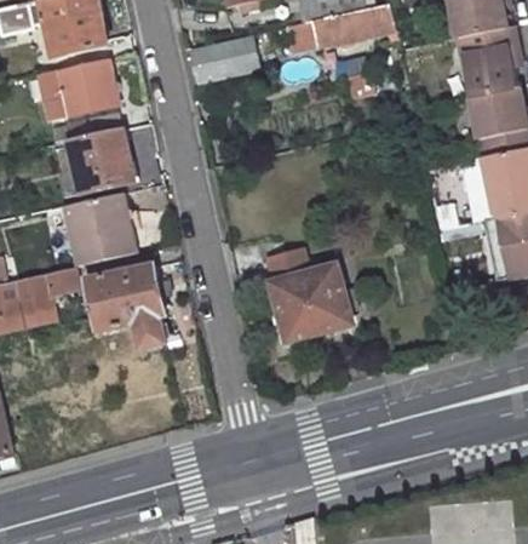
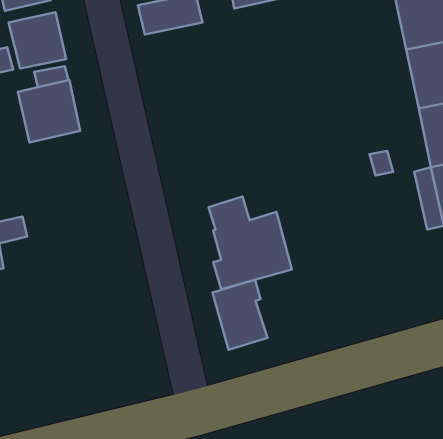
building: [63,191,138,267] -> none
building: [86,264,165,348] -> none
building: none -> [212,280,267,350]

